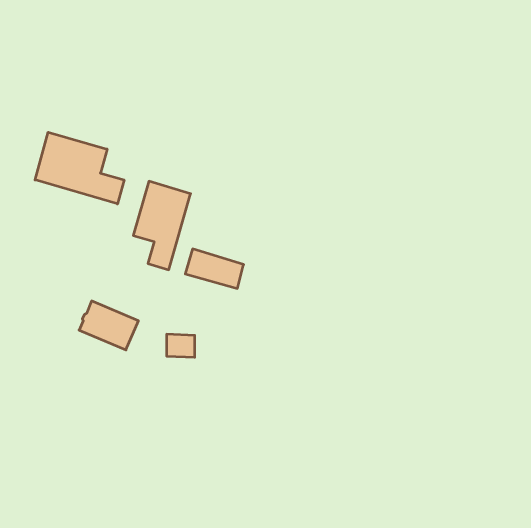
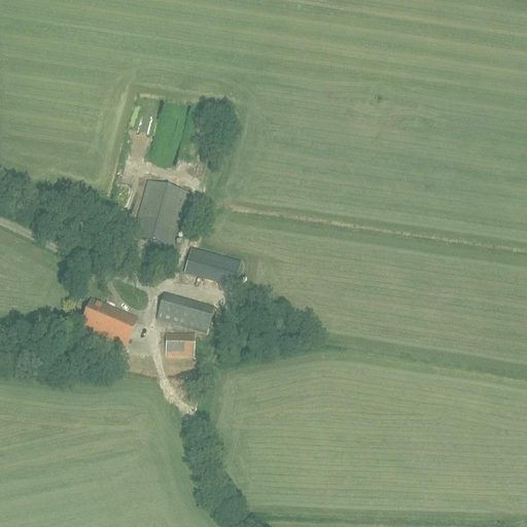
building: [35,132,124,204] -> none
building: none -> [155,291,213,331]

